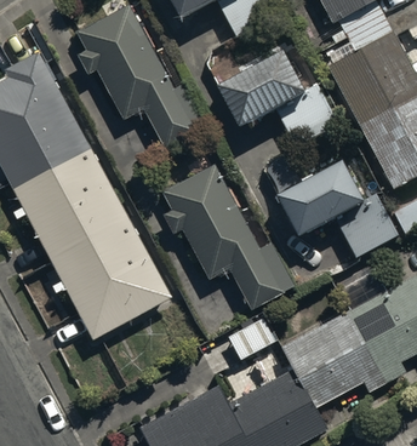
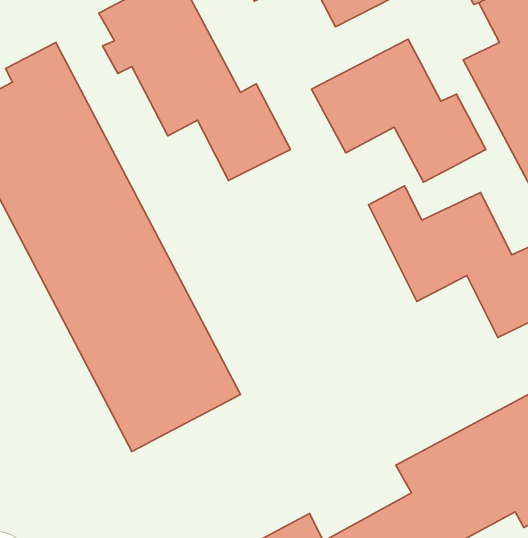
building: [159,165,293,311] -> none

